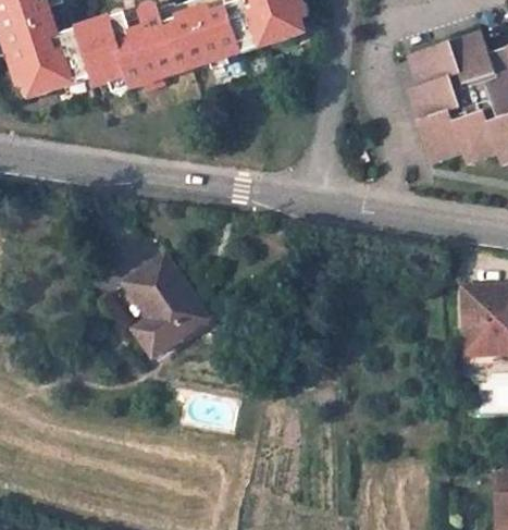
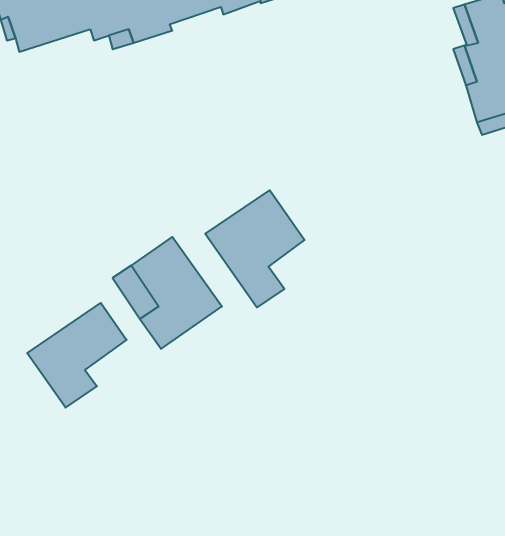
building: none -> [205,190,305,307]
building: none -> [27,303,127,408]

